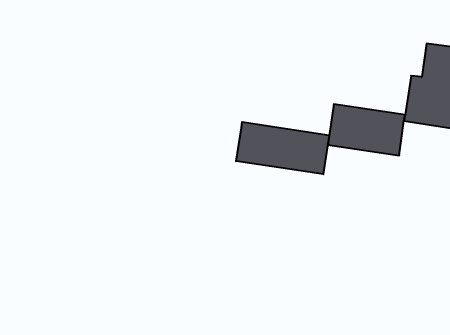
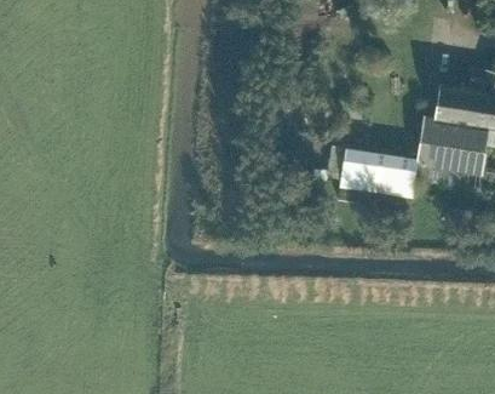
building: [236,122,329,174] -> none

